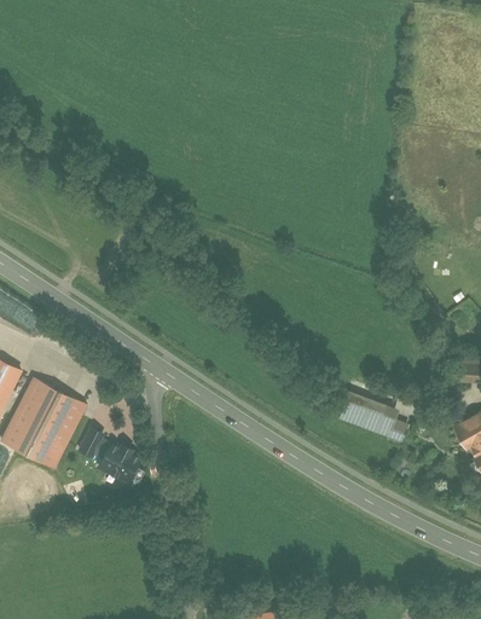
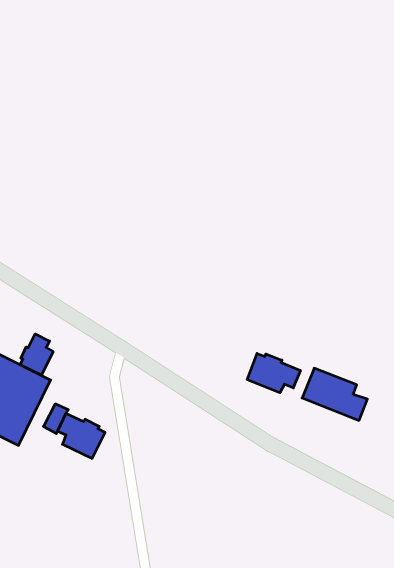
building: none -> [20,334,53,375]
building: none -> [247,353,300,393]

